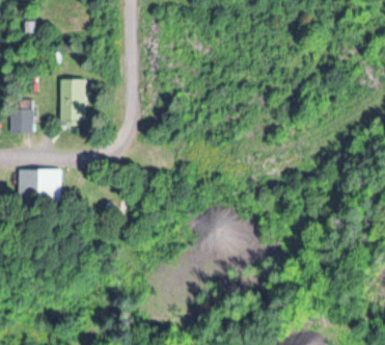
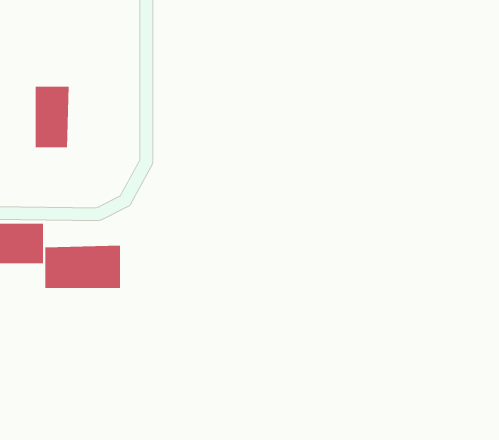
building: none -> [45,245,120,289]

